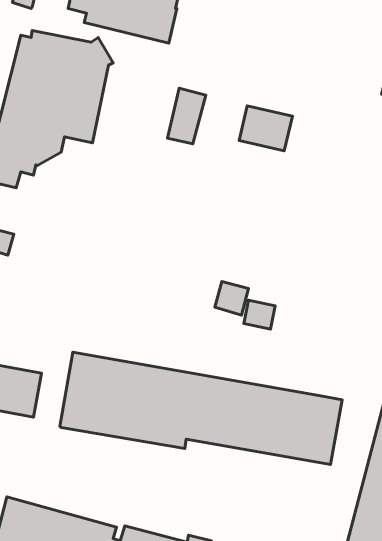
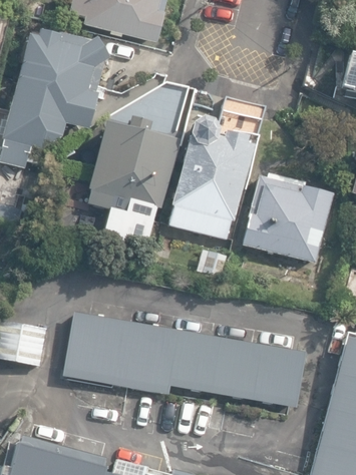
building: none -> [86,116,177,247]
building: none -> [169,119,251,241]
building: none -> [242,176,332,264]

